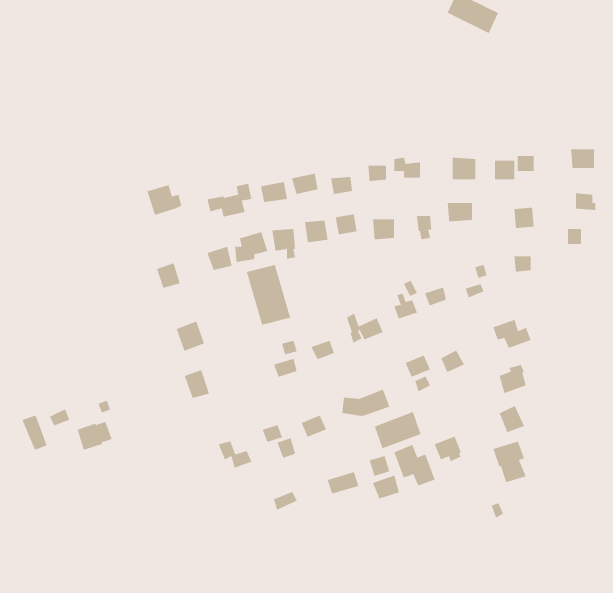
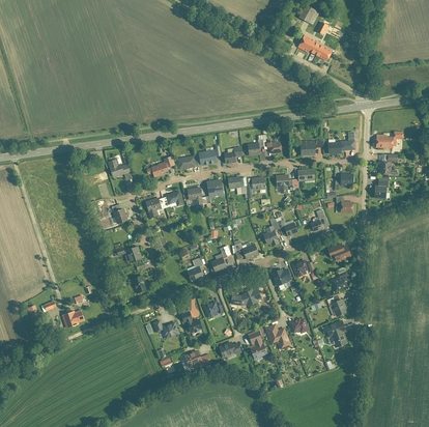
building: [246,264,291,325] -> none
building: [374,411,421,449] -> none

